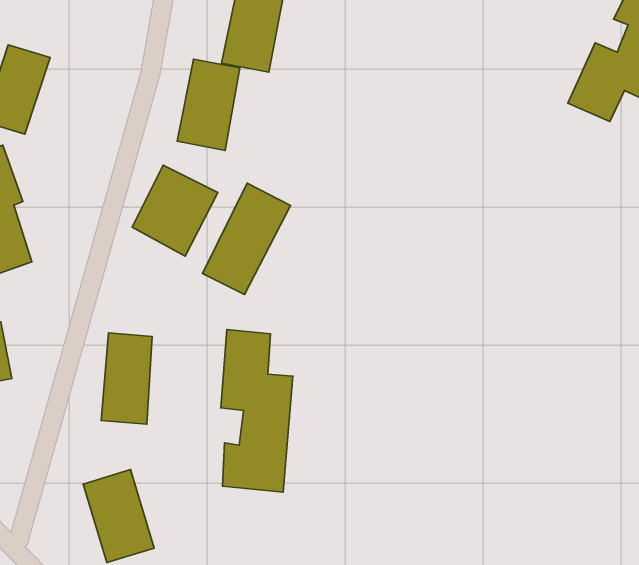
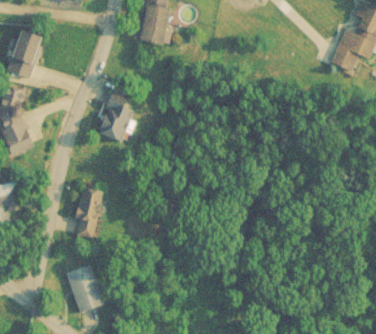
building: [177,59,240,150] -> none
building: [202,183,291,295] -> none
building: [221,329,293,492] -> none

